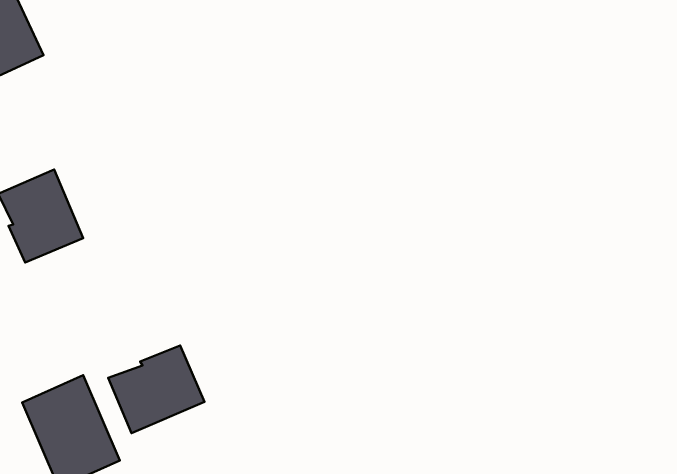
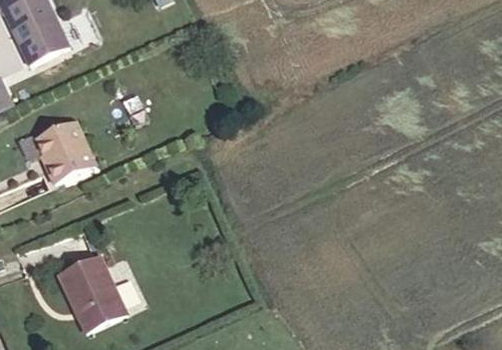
building: [108,346,205,433] -> none

